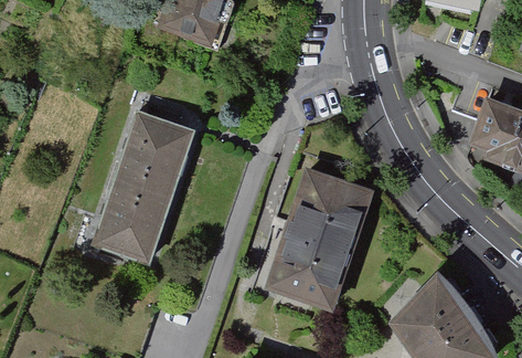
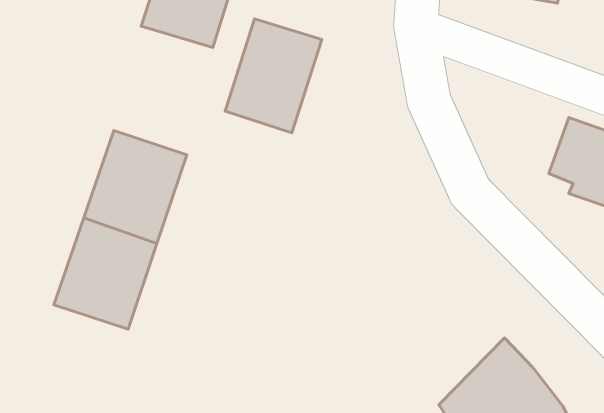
building: none -> [225,19,322,133]
building: [263,167,374,313] -> none

